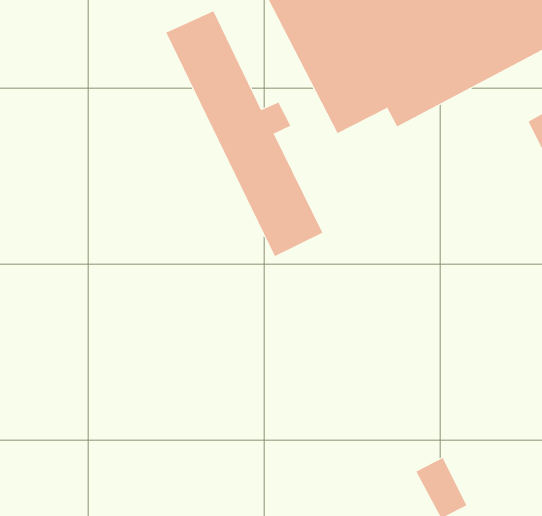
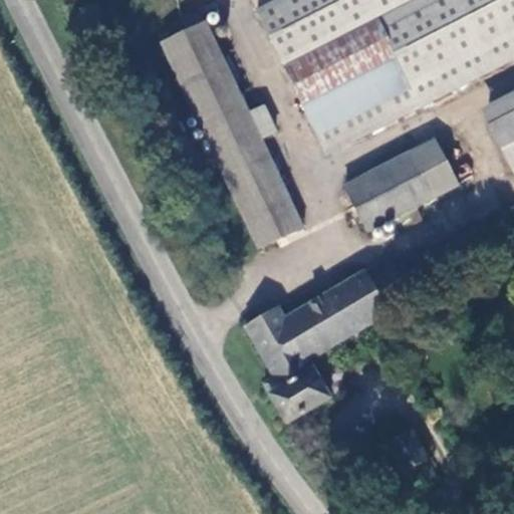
building: none -> [345,138,458,230]
building: none -> [247,260,409,423]

